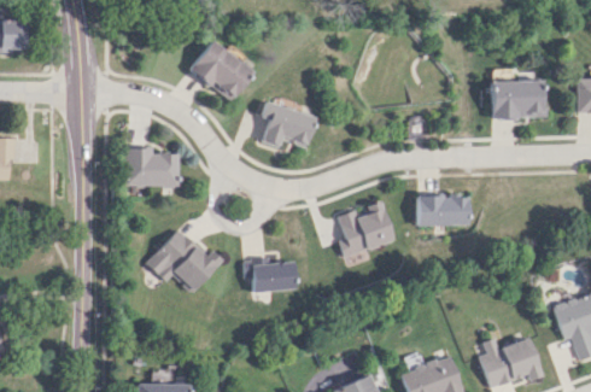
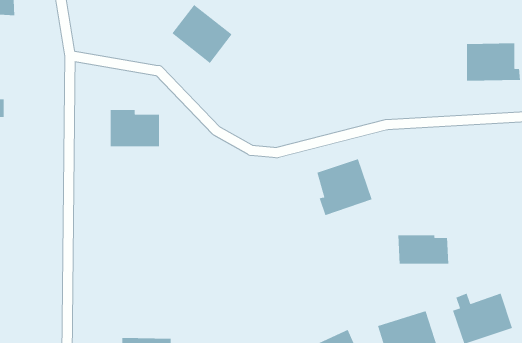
building: [258,101,314,148] -> none
building: [420,195,473,226] -> [398,235,449,264]
building: [147,228,218,293] -> none
building: [246,259,298,292] -> none

